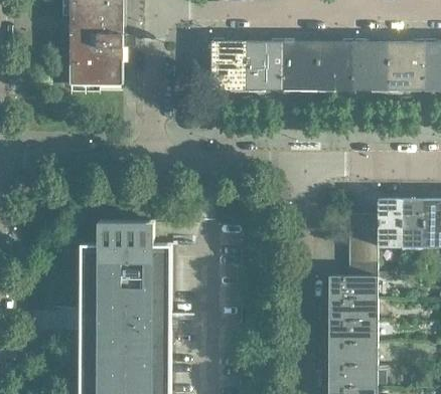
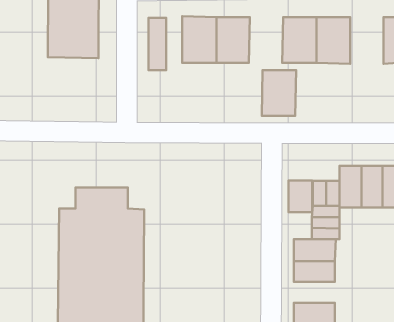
building: [282,42,318,90] -> [262,70,296,116]
building: [389,42,424,91] -> none
building: none -> [149,18,166,70]
building: none -> [289,180,312,212]
building: [329,322,373,344] -> none

